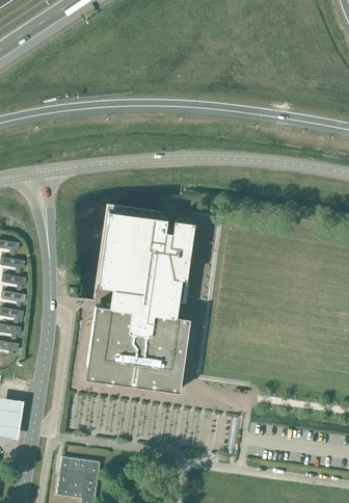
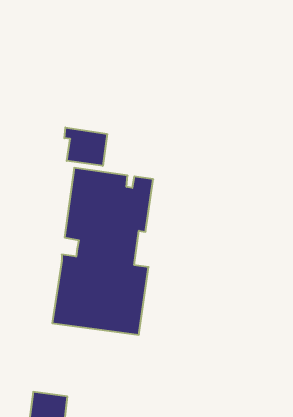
building: none -> [64,127,107,166]

